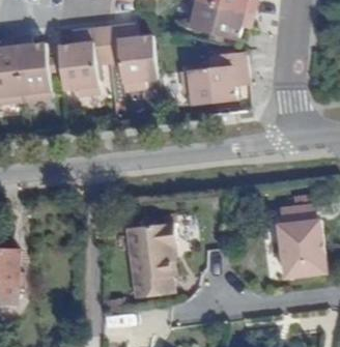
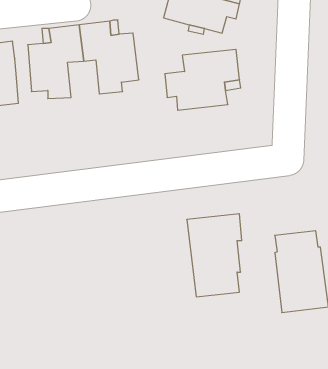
building: [125,229,174,302] -> [187,214,242,297]

